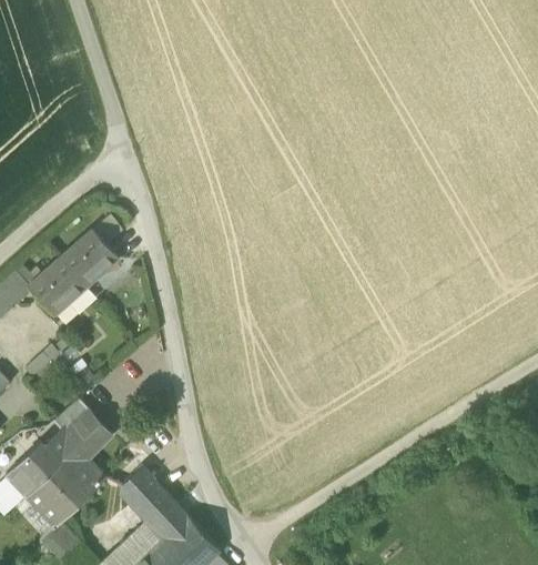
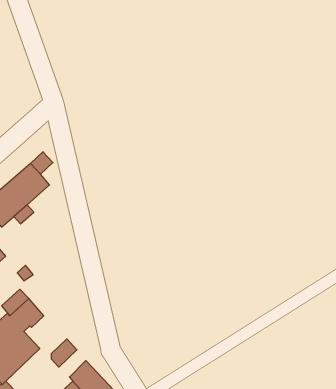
building: [130,481,166,517] -> none

